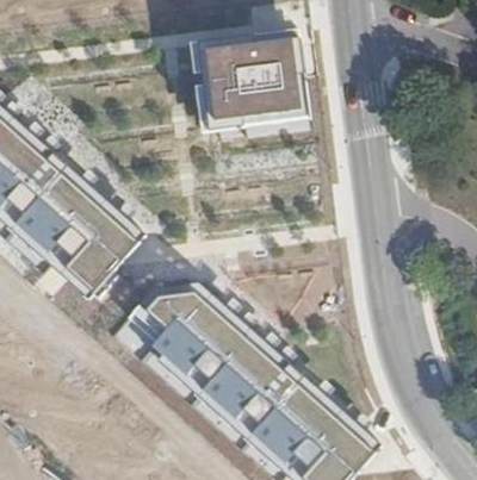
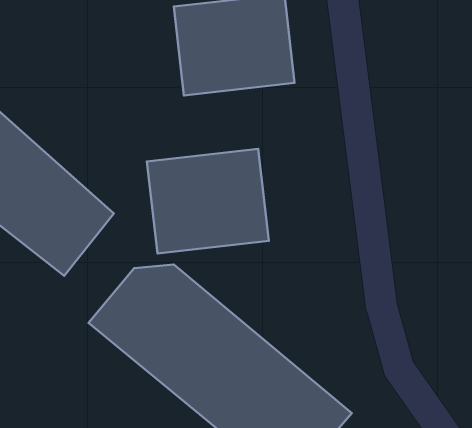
building: none -> [147,149,269,254]

